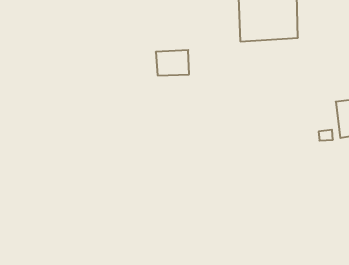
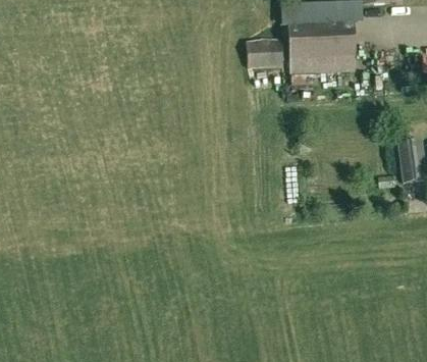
building: [156,50,189,75] -> [246,38,283,66]

